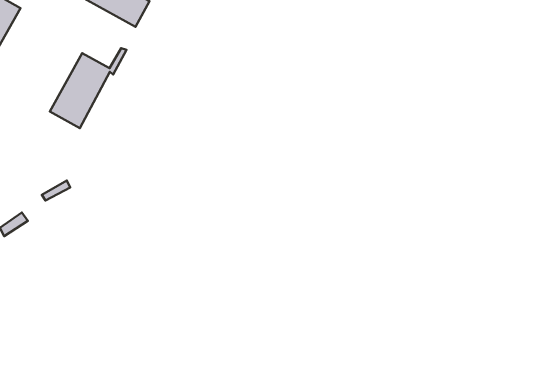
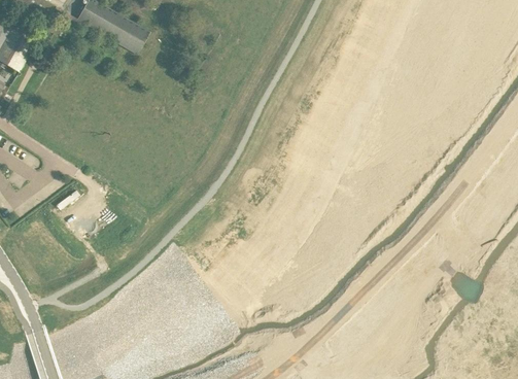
building: [50,48,126,128] -> none

